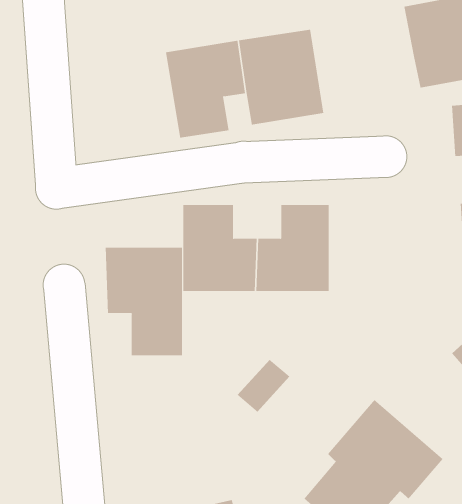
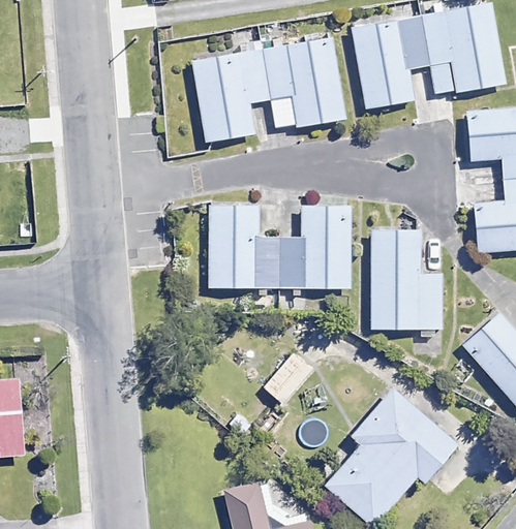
building: none -> [353,17,429,108]
building: none -> [371,229,441,329]
building: [105,247,183,356] -> none

